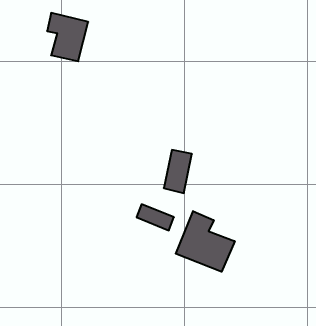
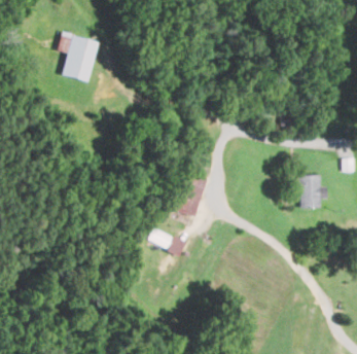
building: none -> [299,175,326,208]
building: [176,211,235,272] -> none

